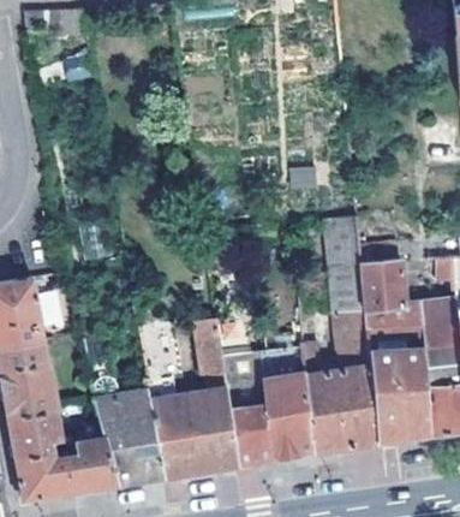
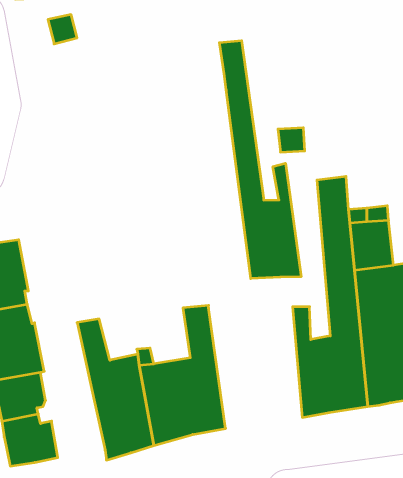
building: none -> [219,41,301,279]
building: [220,335,312,465] -> none
building: [65,438,118,494] -> none

